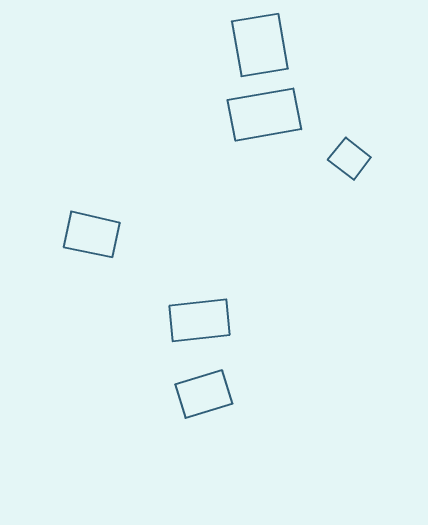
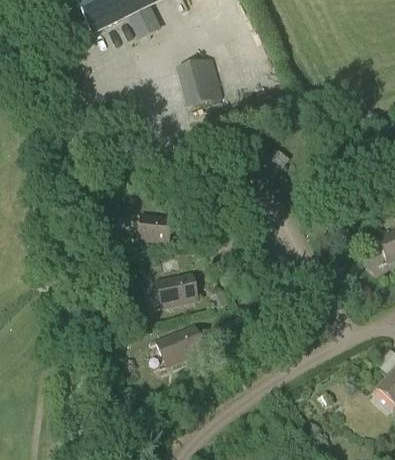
building: [227,88,301,141] -> none
building: [64,211,120,257] -> [131,213,171,244]

